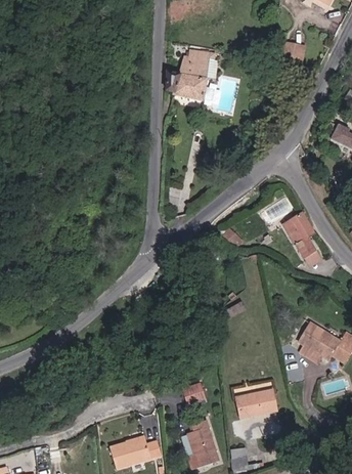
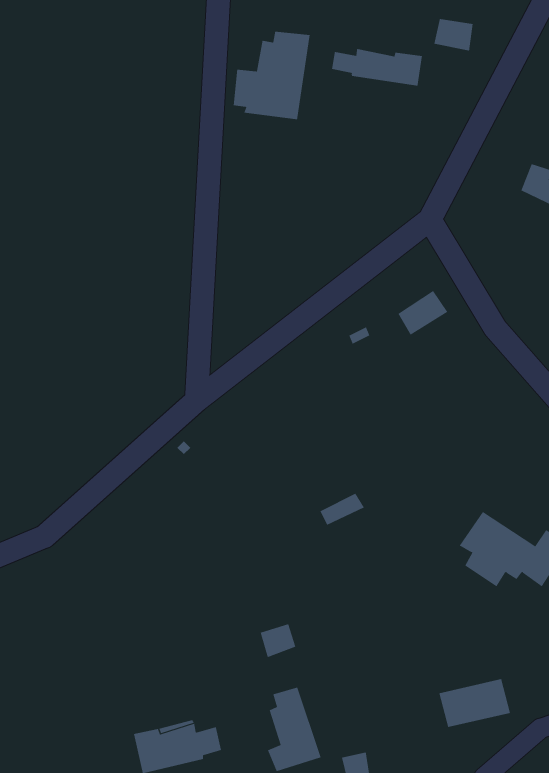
building: none -> [332,48,422,87]
building: [282,211,322,266] -> none
building: [236,388,277,416] -> [438,679,511,728]

